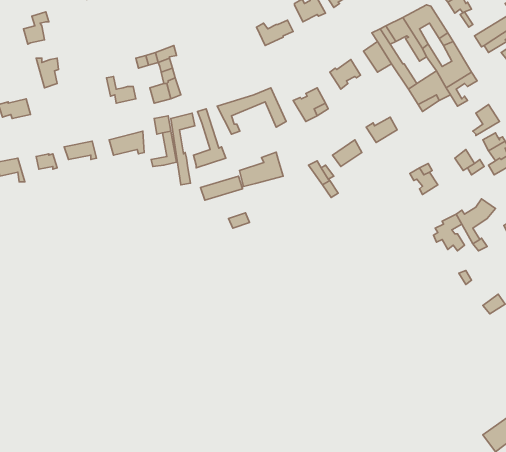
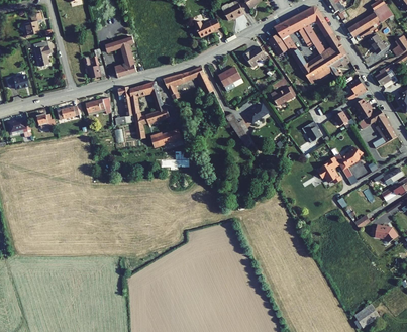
building: [240,152,283,187] -> none

